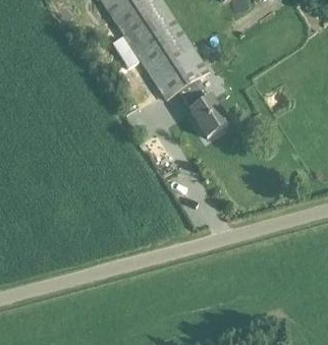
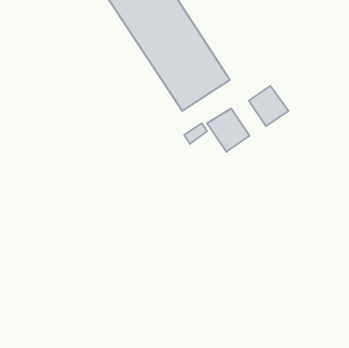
building: none -> [249,86,289,126]

